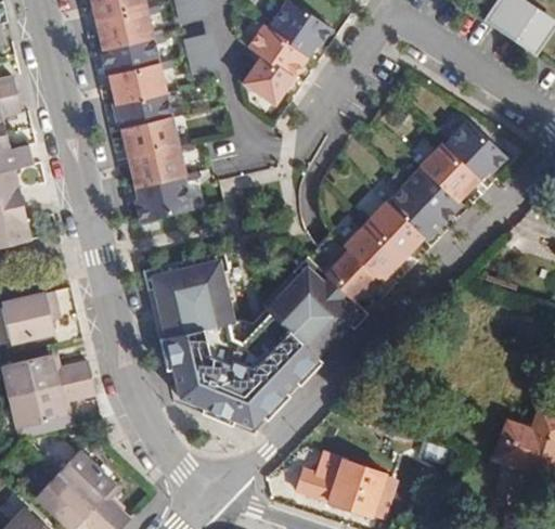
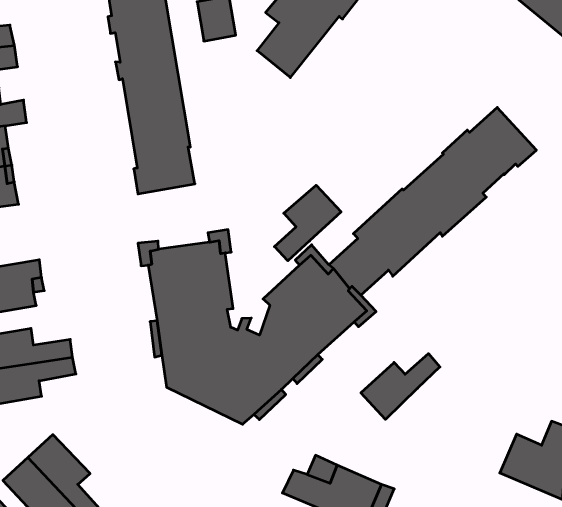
building: none -> [274,185,341,261]
building: none -> [361,354,440,419]

